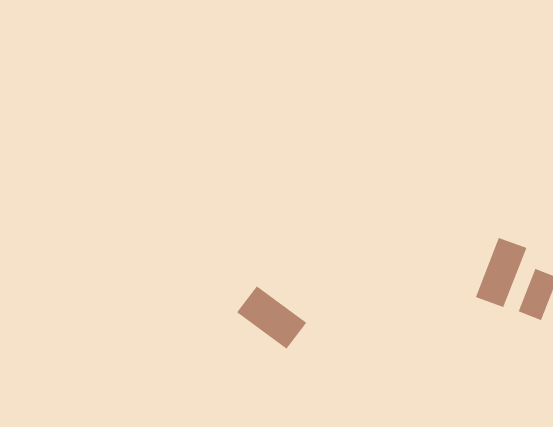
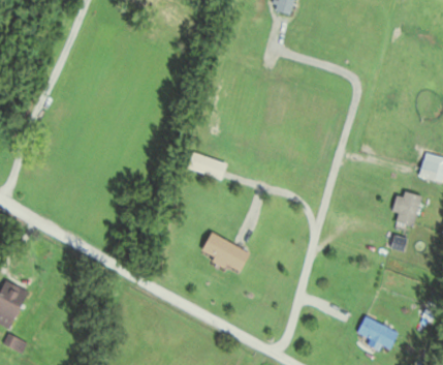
building: [475,237,527,308] -> none

